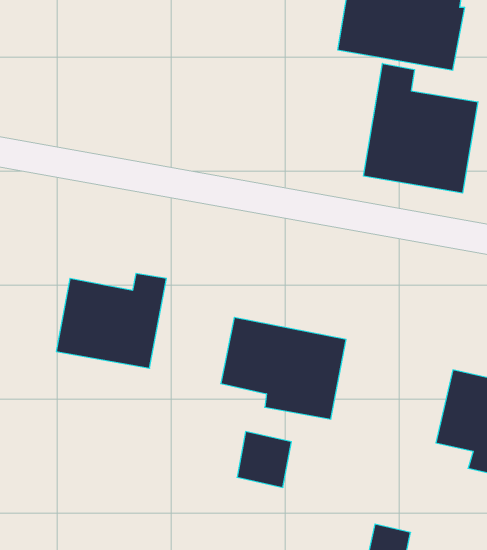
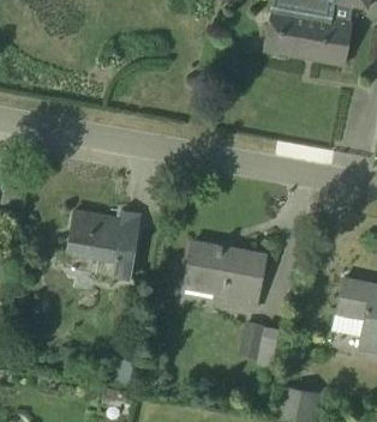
building: [364,63,478,193] -> none
building: [237,432,291,487] -> [240,321,279,361]

